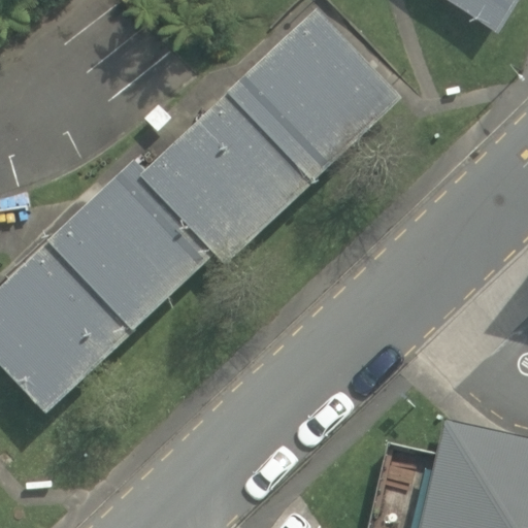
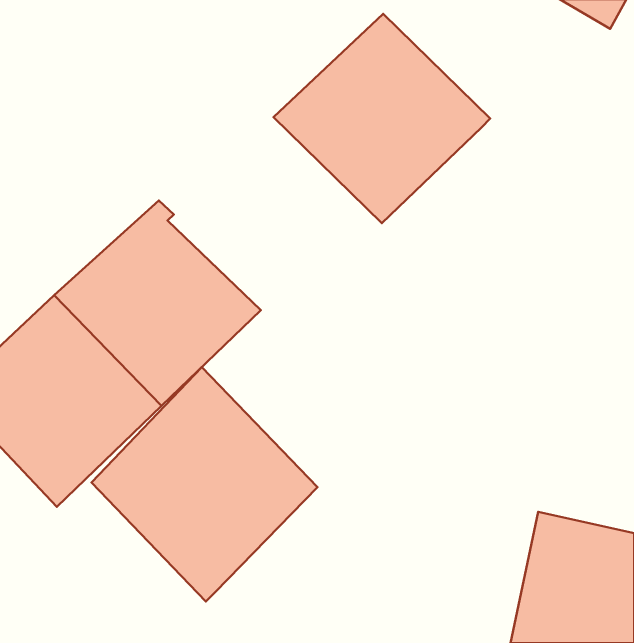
building: [137,96,312,266] -> none
building: none -> [92,367,317,601]

